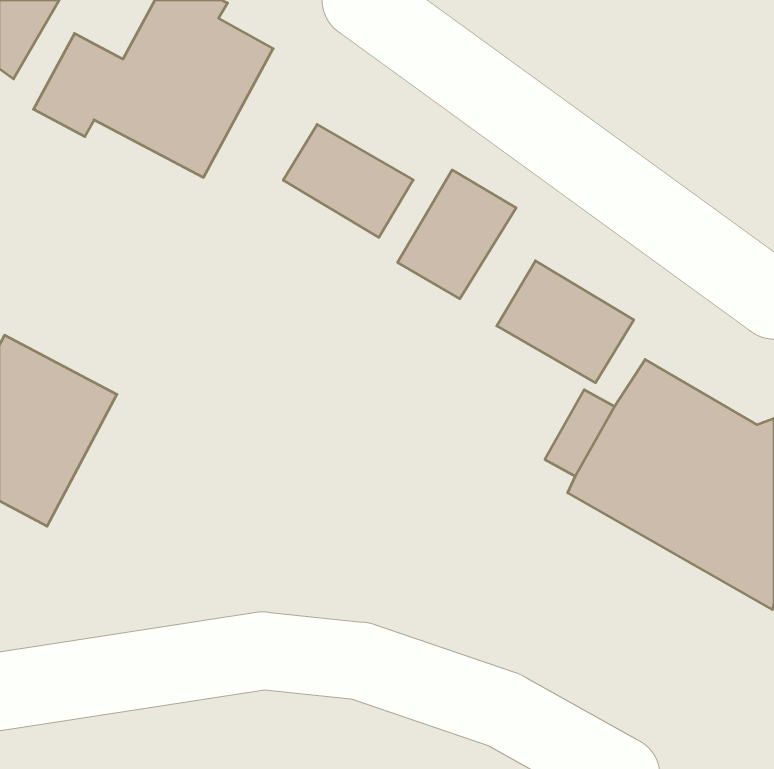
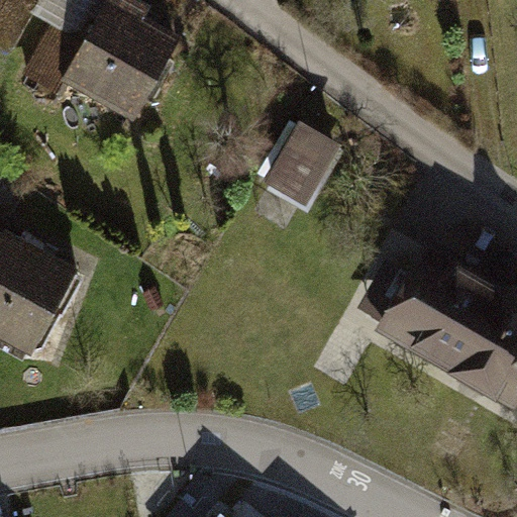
building: [283,124,413,237] -> none
building: [497,261,634,383] -> none

